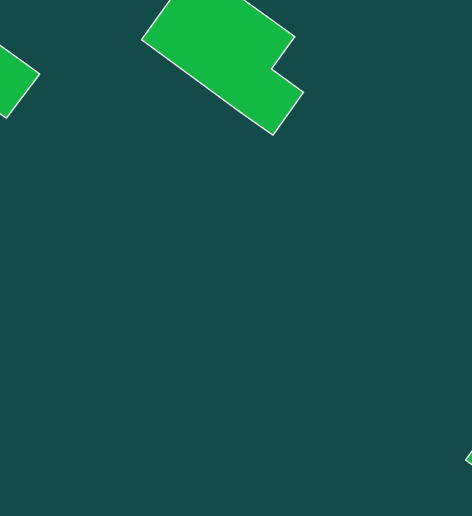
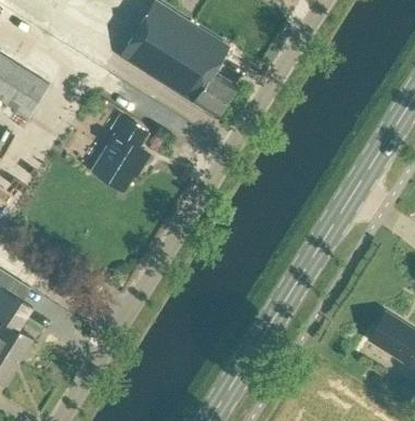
building: none -> [91,115,148,190]

